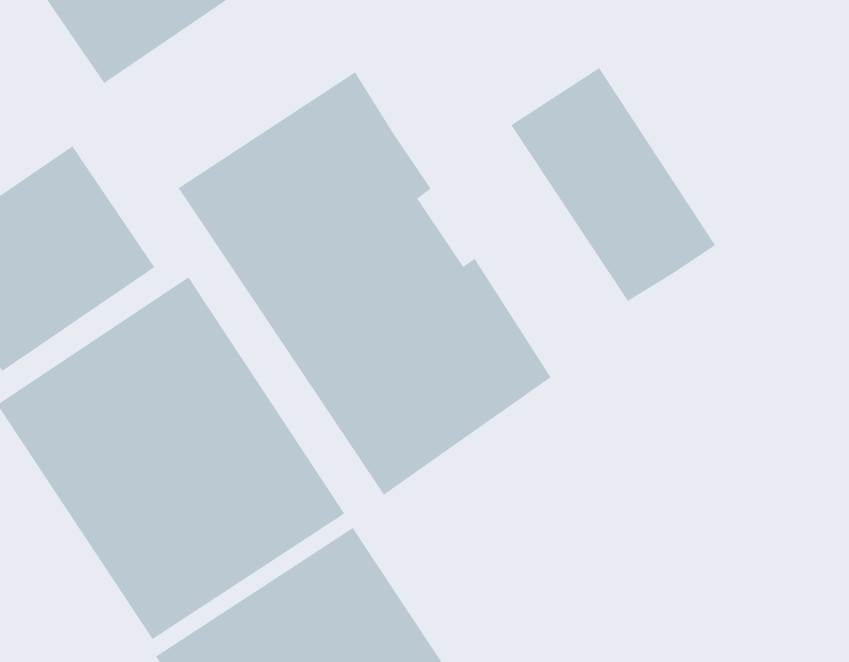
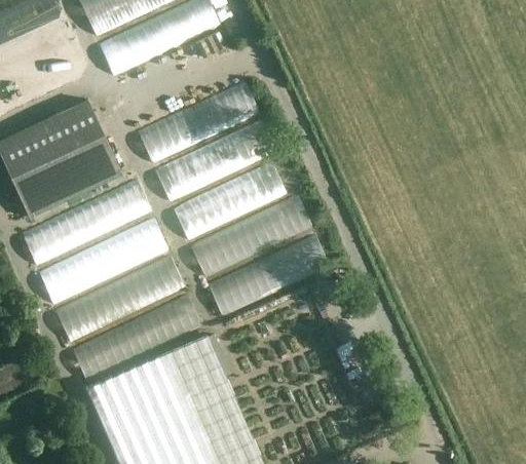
building: [510,67,716,302] -> none

